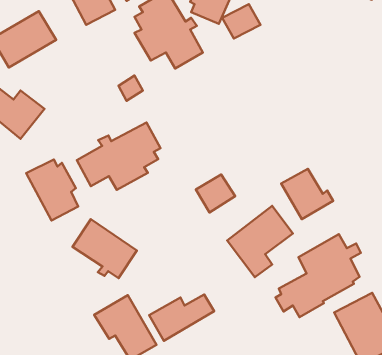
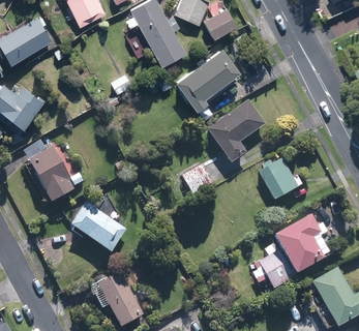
building: none -> [174,49,239,112]
building: [77,122,161,190] -> none
building: [227,206,293,277] -> [205,100,264,164]
building: [149,295,214,341] -> none

